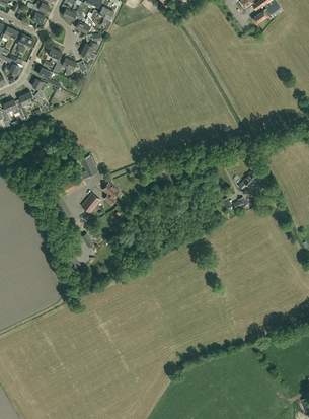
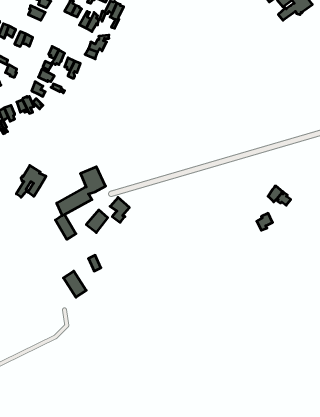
building: none -> [16,165,46,197]

